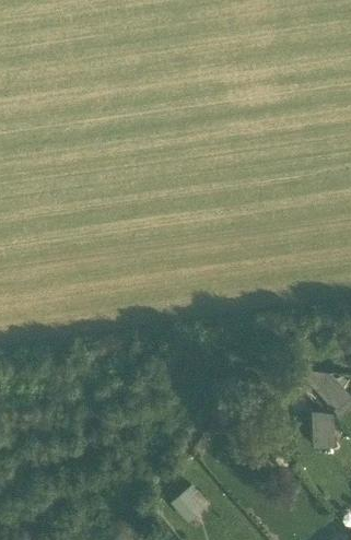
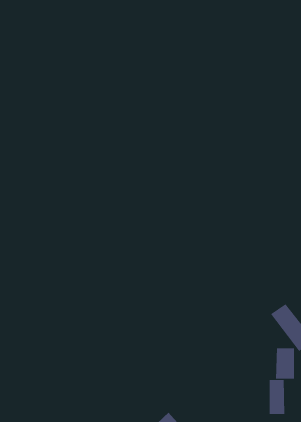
building: none -> [269,379,285,415]

